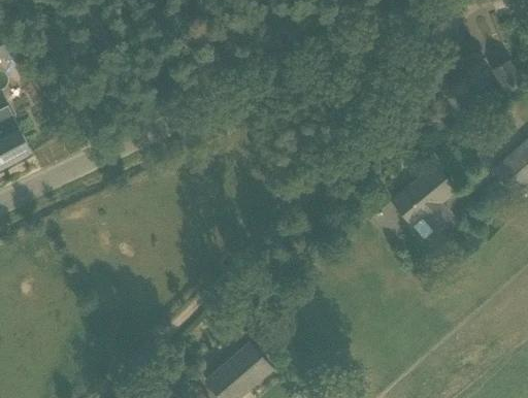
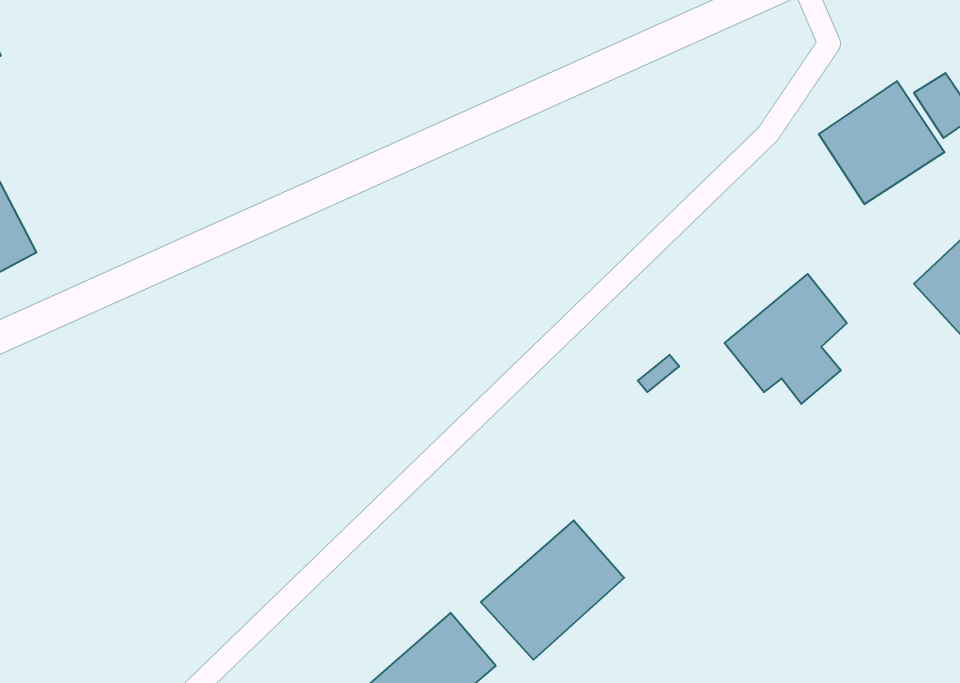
building: none -> [819,81,945,204]
building: none -> [481,520,624,660]

